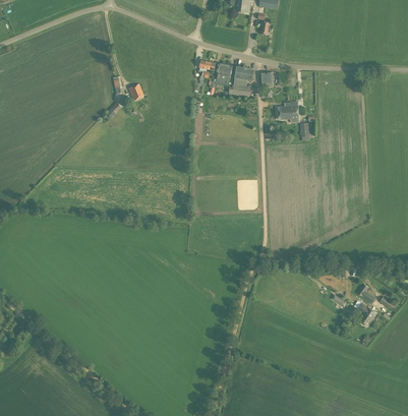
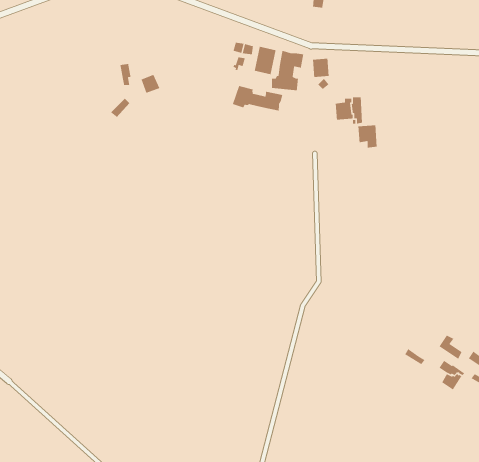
building: none -> [232,85,283,112]

